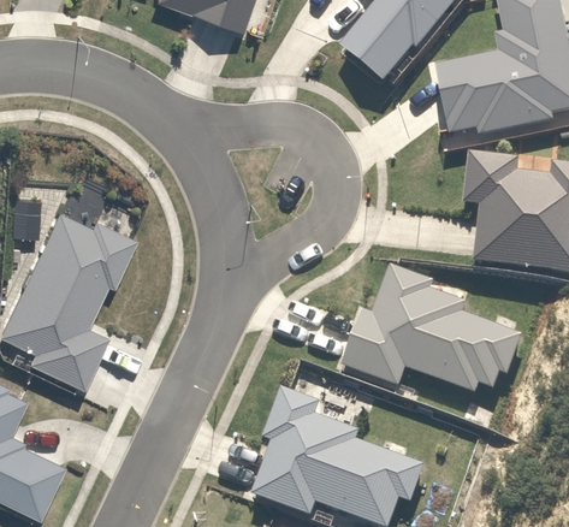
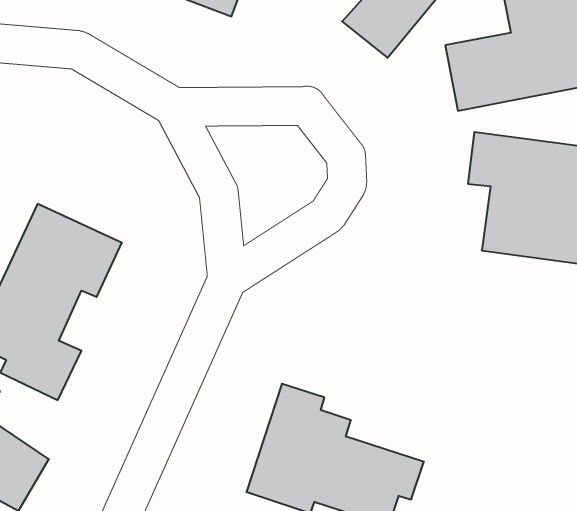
building: [342,261,504,399] -> none

